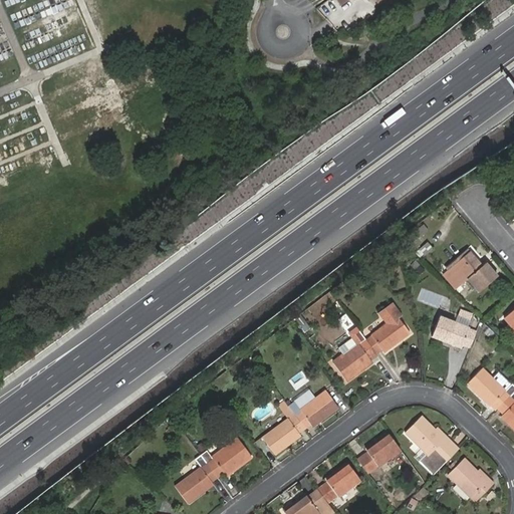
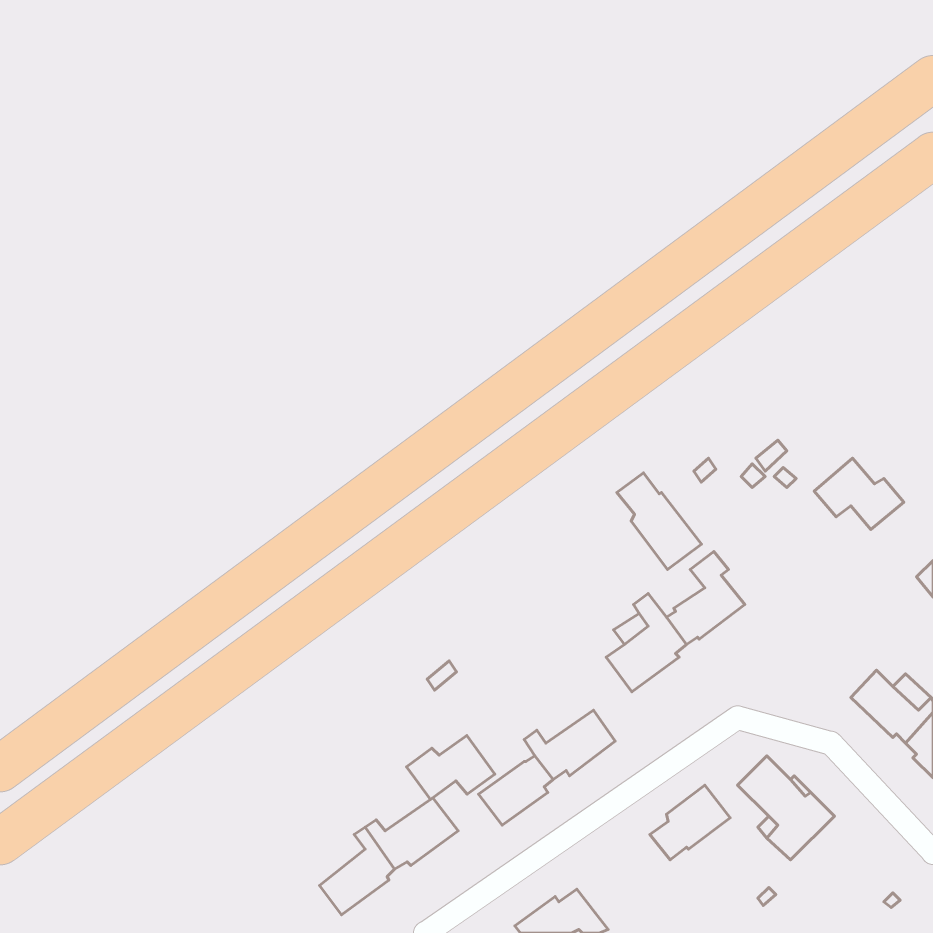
building: none -> [617,473,702,569]
building: [433,316,480,348] -> none
building: none -> [406,735,495,799]
building: [449,459,494,500] -> none
building: [317,462,359,502] -> none

